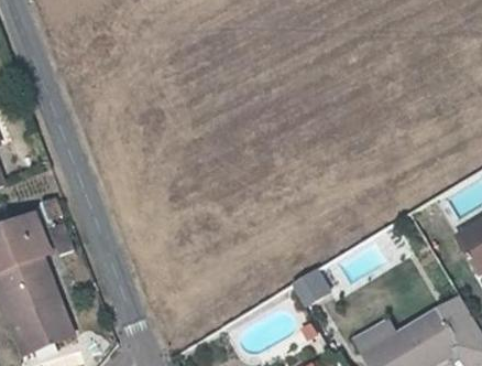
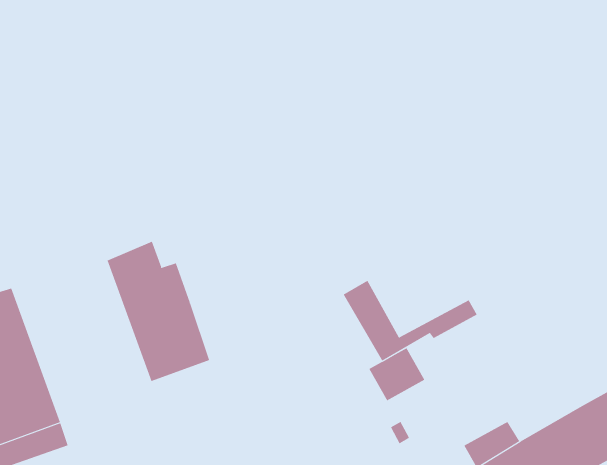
building: none -> [107,241,210,382]
building: none -> [343,280,477,361]

